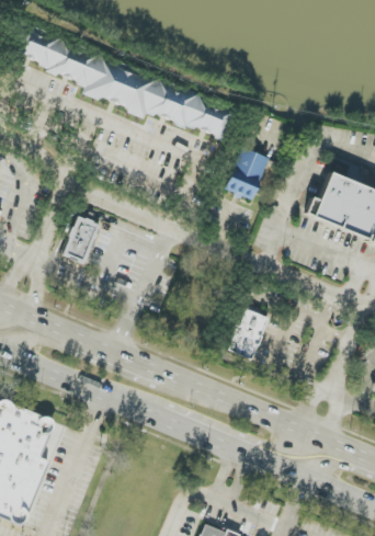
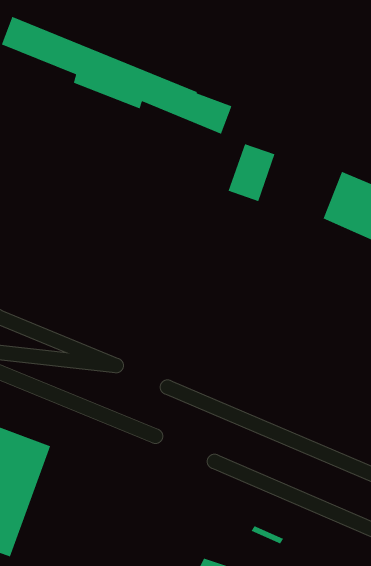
building: [64,215,101,264] -> none
building: [230,308,269,360] -> none

